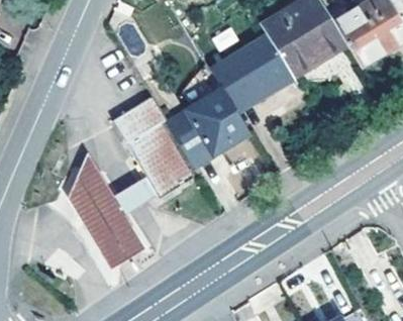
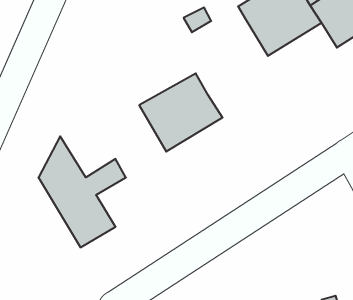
building: [210,36,295,113] -> none
building: [112,96,192,204] -> none

